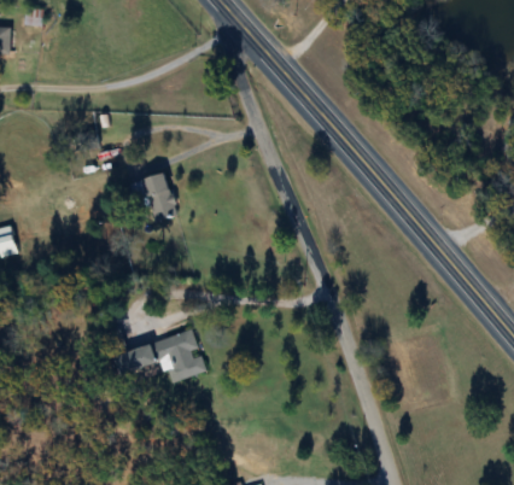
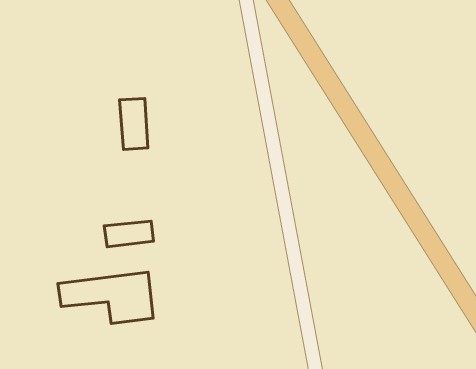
building: none -> [104,221,153,247]

